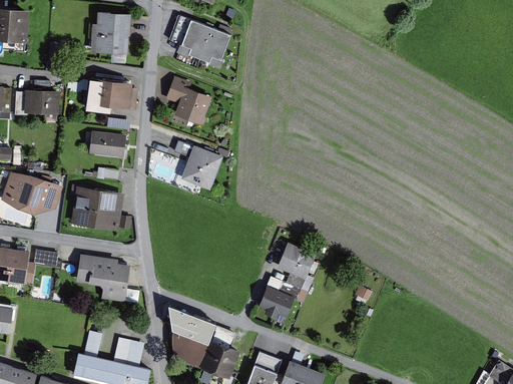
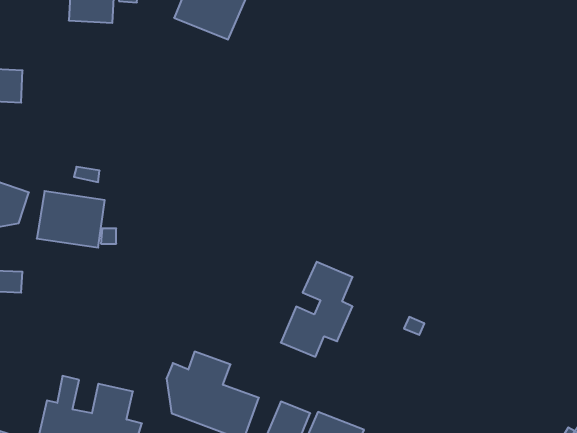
building: [167,77,214,132] -> none
building: [84,78,132,114] -> none
building: [90,132,128,159] -> none
building: [175,140,223,190] -> none
building: [76,254,129,300] -> none

